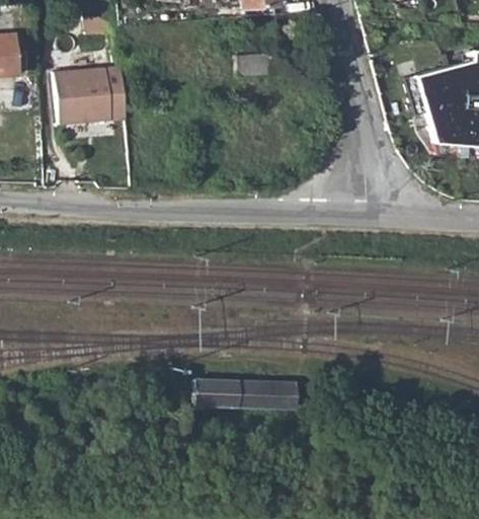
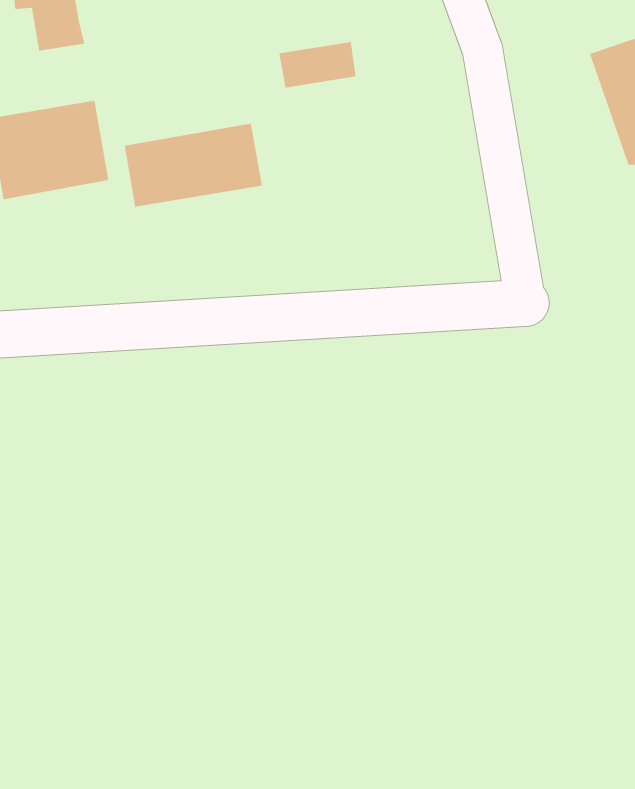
building: none -> [124,123,262,207]
building: [191,378,291,406] -> none

